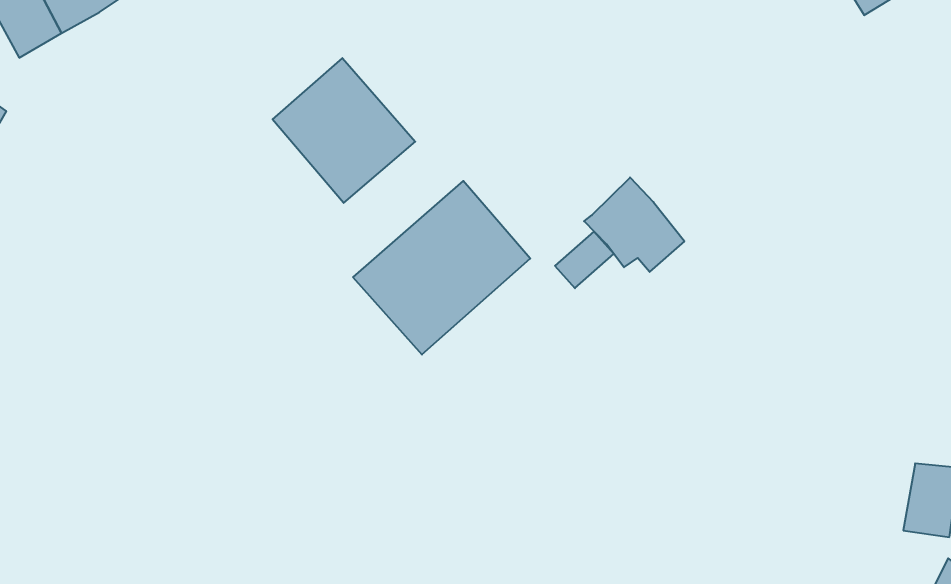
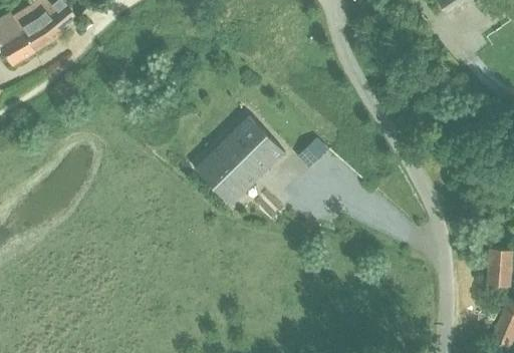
building: [273,58,415,203] -> none
building: [584,177,684,272] -> none

